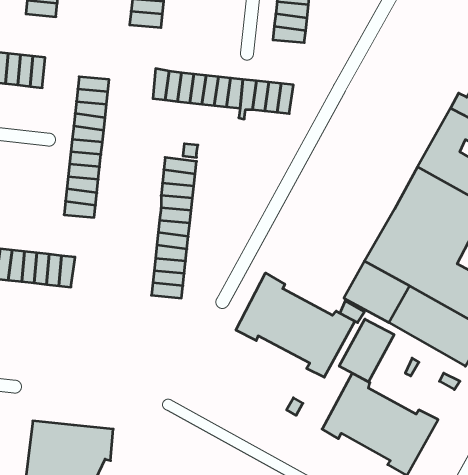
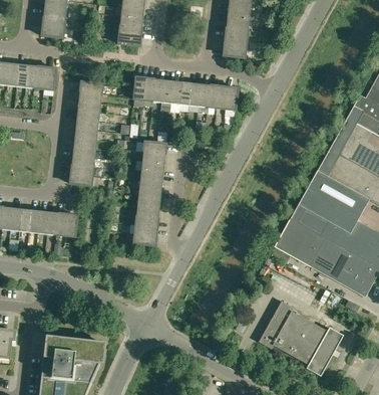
building: [236,273,355,377] -> none
building: [339,319,394,382] -> none

